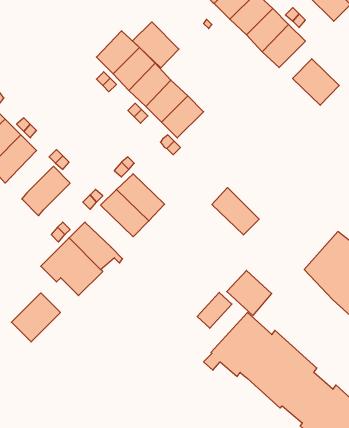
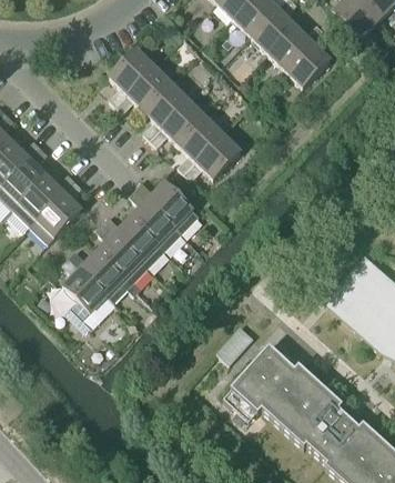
building: [133,22,179,68] -> none
building: [293,59,339,105] -> none
building: none -> [194,132,240,178]
building: none -> [12,173,63,224]
building: [212,188,259,235] -> [148,180,198,230]
building: none -> [97,231,148,288]
building: [227,270,272,316] -> none
building: [11,293,60,342] -> none

